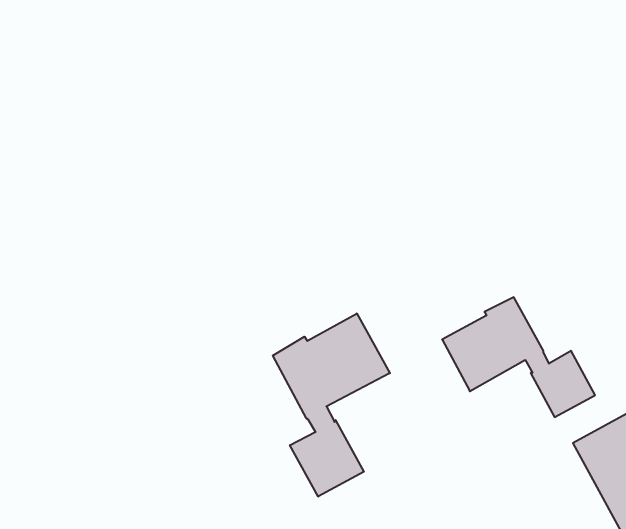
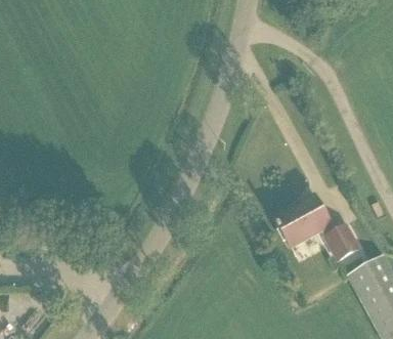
building: [273,313,390,497] -> none

